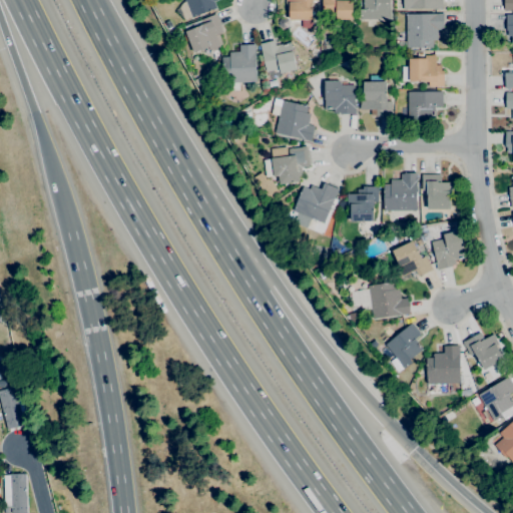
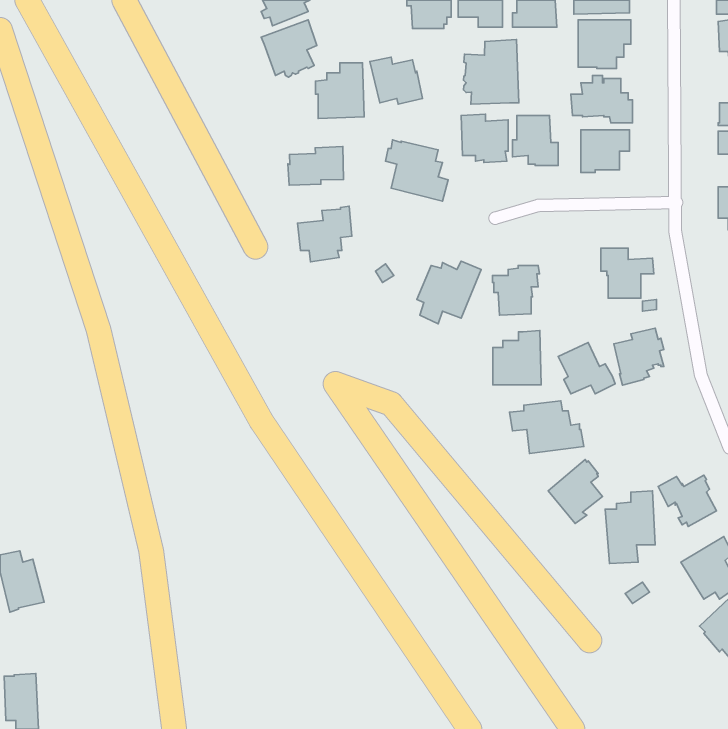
building: none -> [463,39,519,104]
building: none -> [288,146,343,185]
building: [272,145,310,184] -> [298,206,352,262]
building: [384,172,418,210] -> [493,331,541,385]

